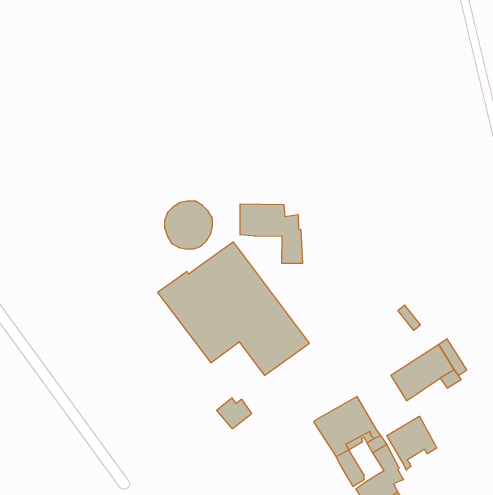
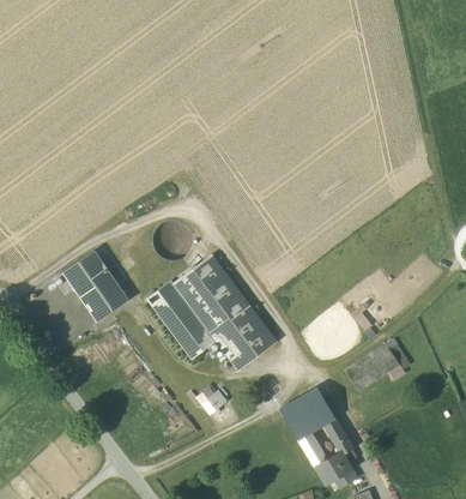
building: [240,204,303,264] -> none
building: none -> [63,250,129,321]
building: [387,416,437,470] -> none

